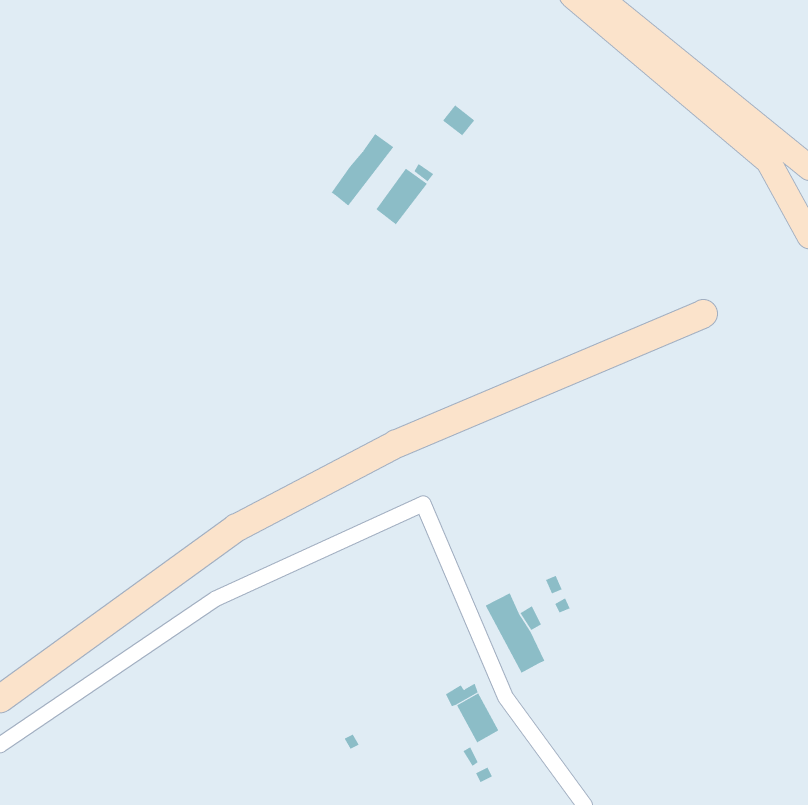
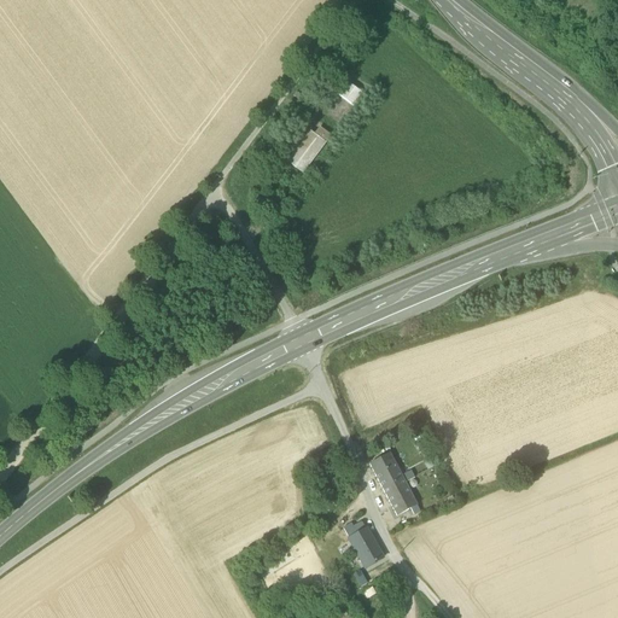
building: [331,133,394,206] -> none

